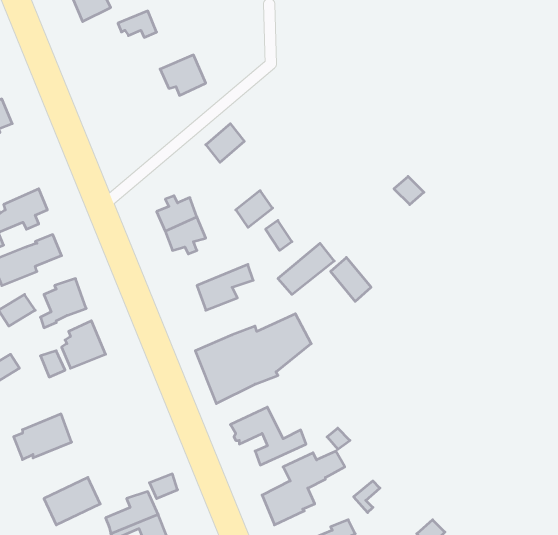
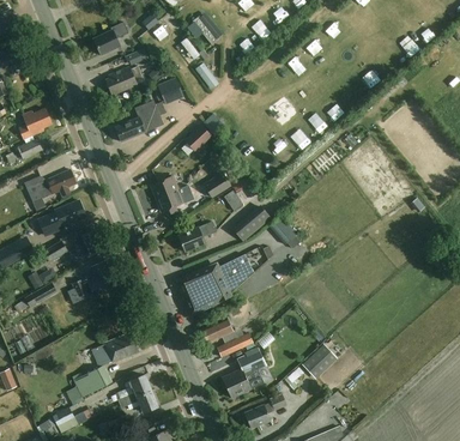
building: none -> [105,66,143,95]
building: none -> [114,99,165,141]
building: [14,414,72,460] -> [98,332,138,363]
building: none -> [301,344,337,379]

